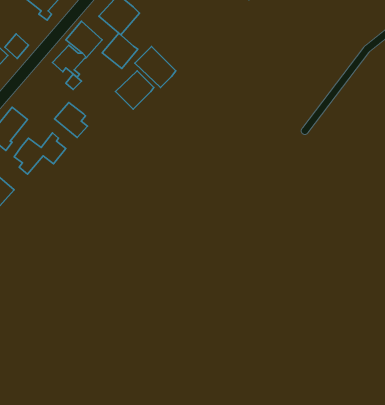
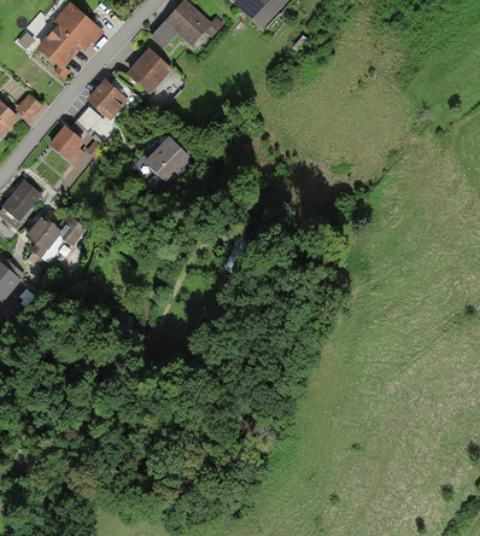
building: [102,33,138,69] -> none
building: [135,47,176,88] -> none
building: [54,102,88,138] -> [47,126,86,167]

